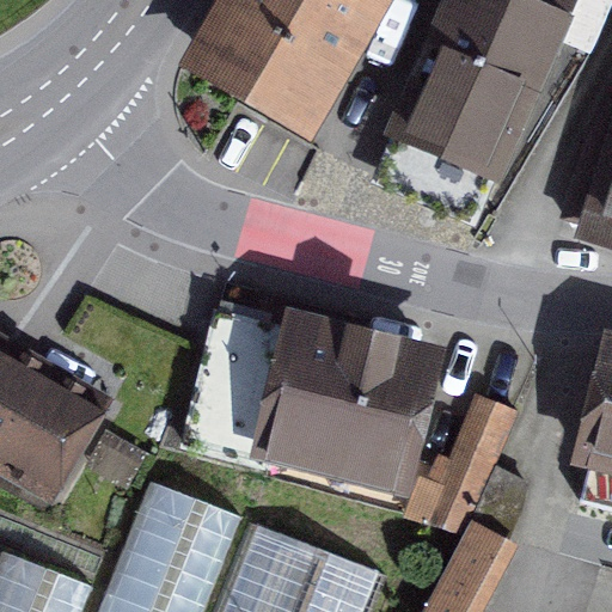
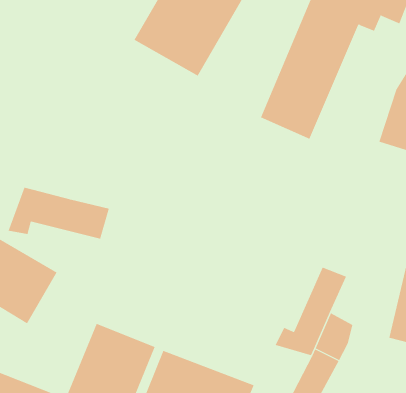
building: none -> [8,187,109,240]
building: [188,317,426,469] -> none

